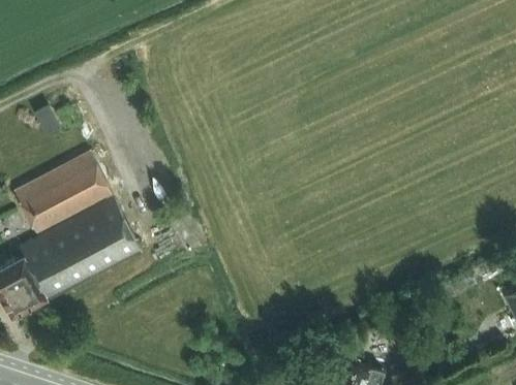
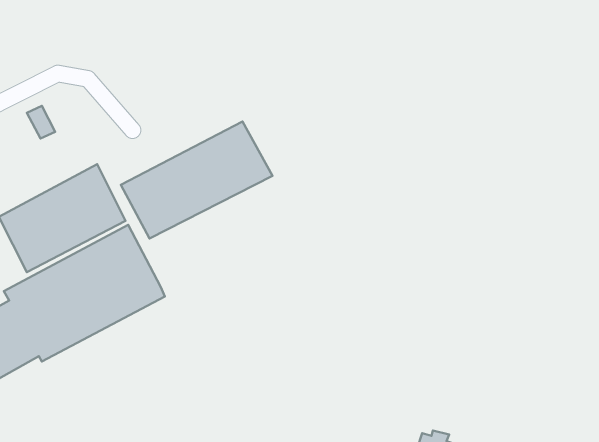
building: none -> [121,122,272,239]

